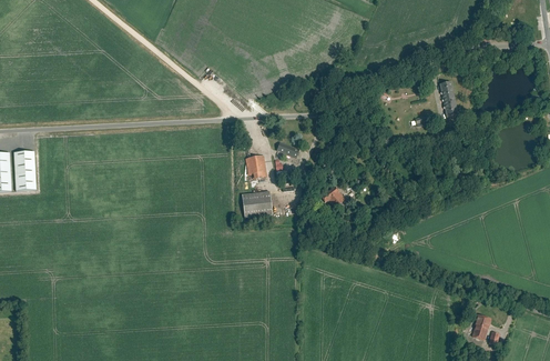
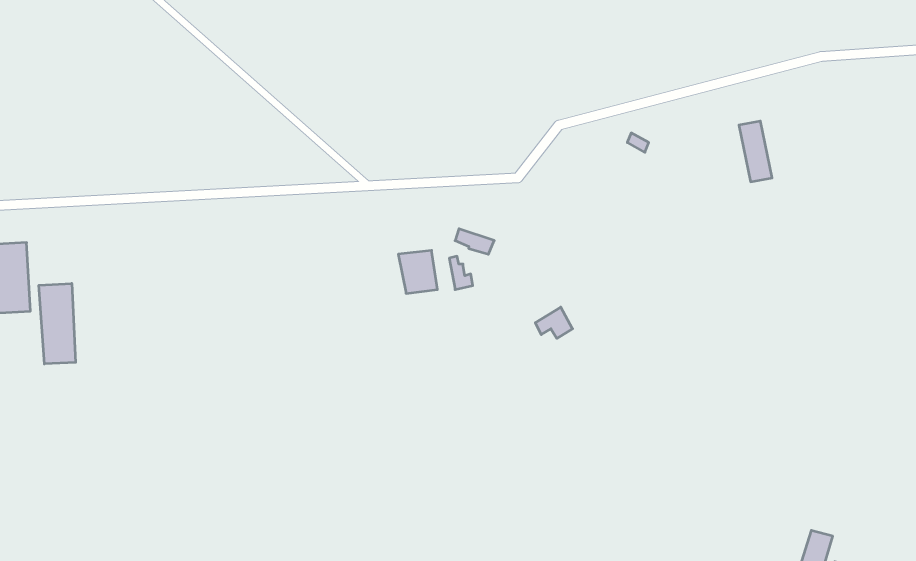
building: none -> [39,283,76,364]
building: [244,191,274,217] -> none

